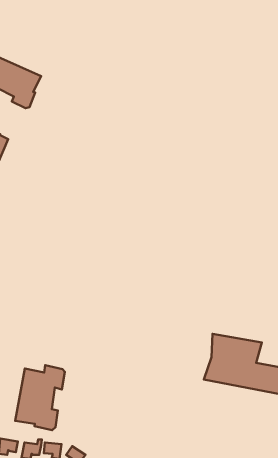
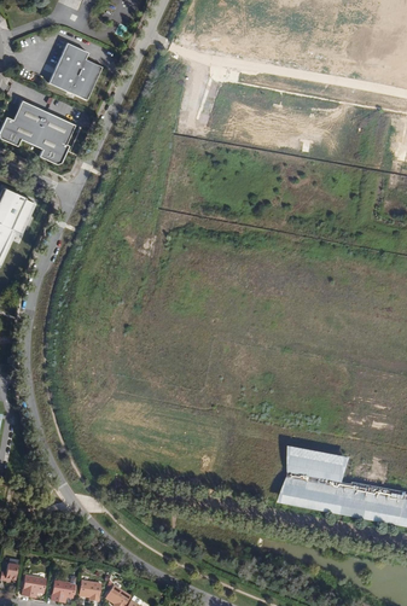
building: none -> [48,42,101,99]
building: [15,365,65,430] -> none

